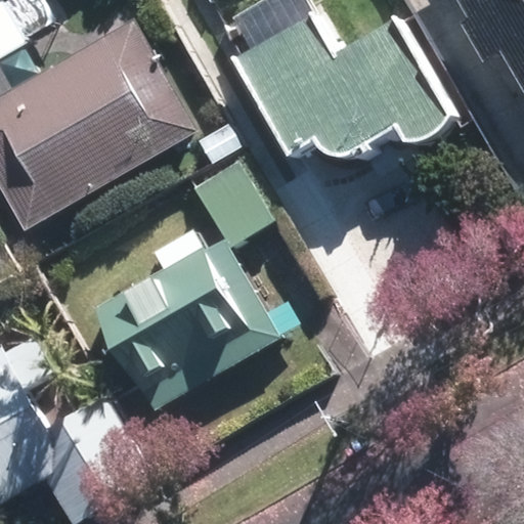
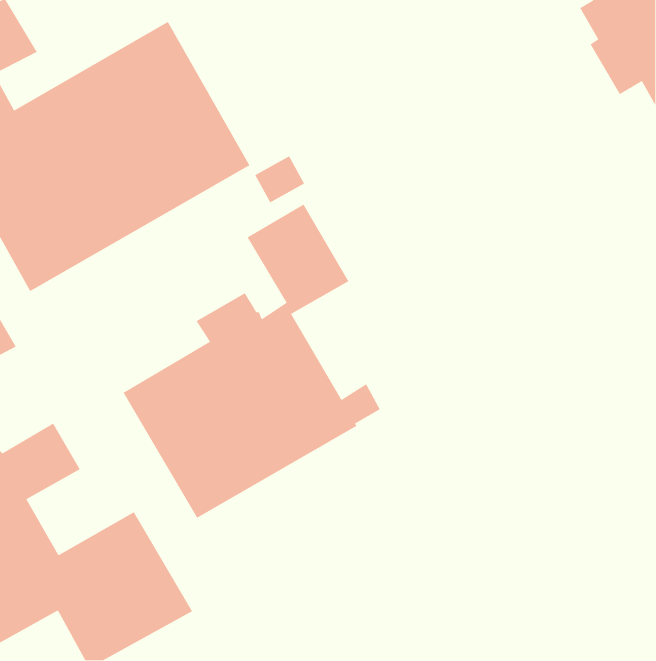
building: [232,16,450,163] -> none

